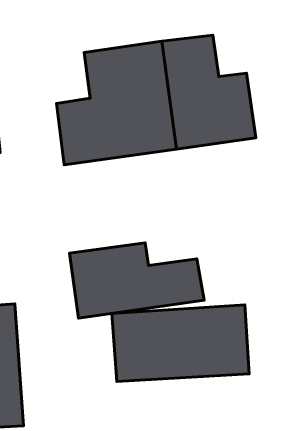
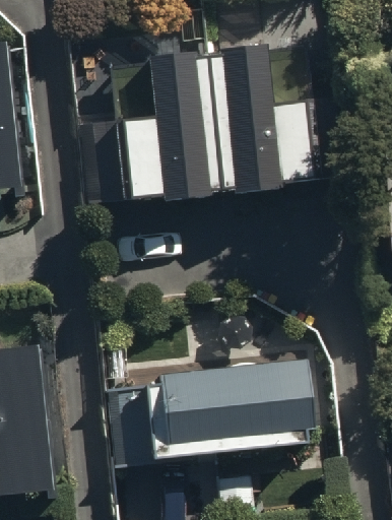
building: [69,243,204,318] -> none

